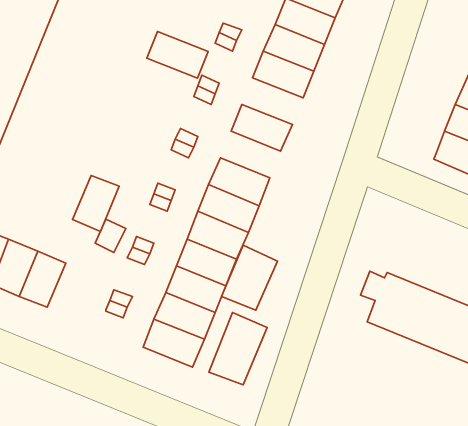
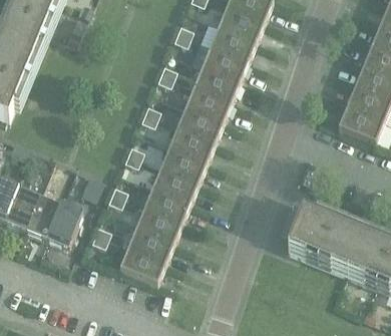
building: [147,32,208,78] -> [193,64,240,99]
building: none -> [177,104,223,139]
building: [72,175,119,231] -> [47,204,82,246]
building: [222,245,278,310] -> none
building: [209,312,267,385] -> none

